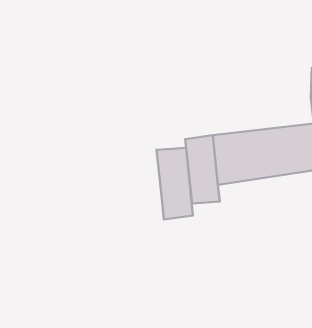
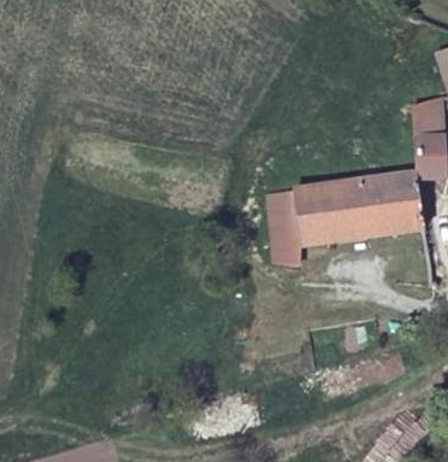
building: [157,148,193,220] -> none

